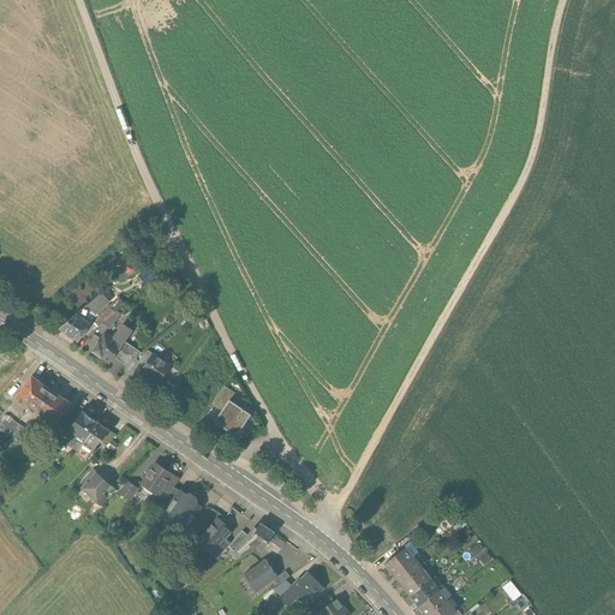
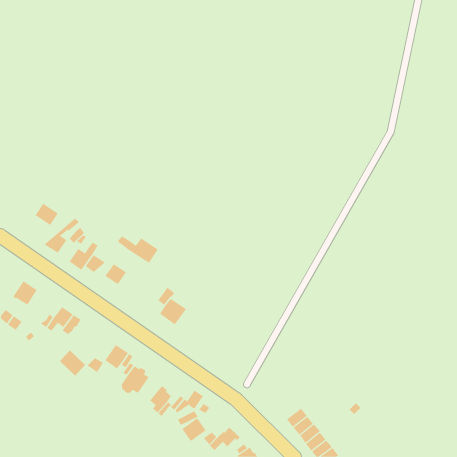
building: none -> [35,203,59,226]
building: none -> [117,235,158,264]
building: [37,389,71,425] -> none

